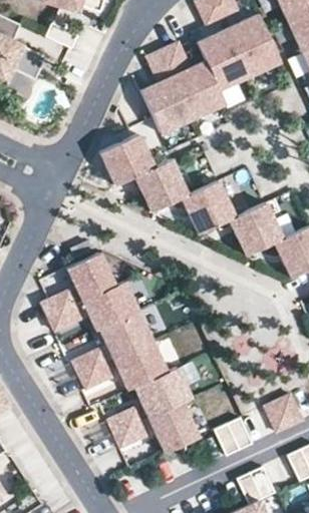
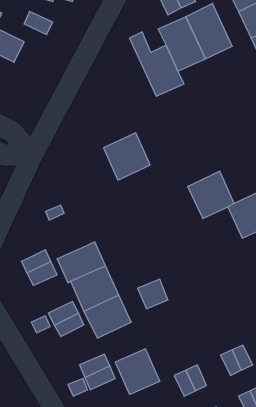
building: [142,52,195,133] -> none
building: [100,133,155,184] -> none
building: [182,180,235,232] -> none
building: [68,252,115,300] -> none
building: [134,366,191,416] -> none

